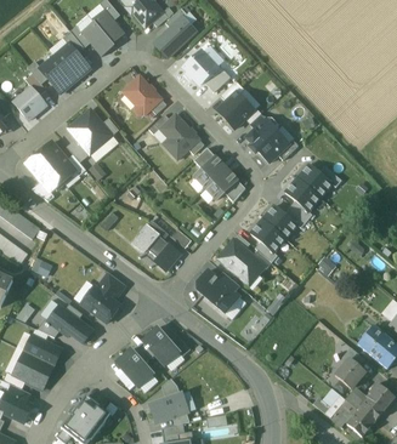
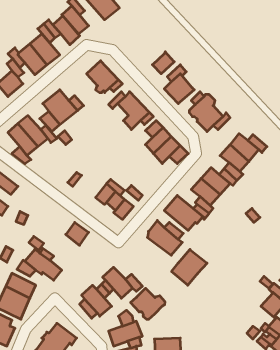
building: [154,17,197,57] -> none
building: [182,51,217,85] -> none
building: [81,286,120,324] -> none
building: none -> [172,249,207,285]
building: none -> [131,288,165,319]

